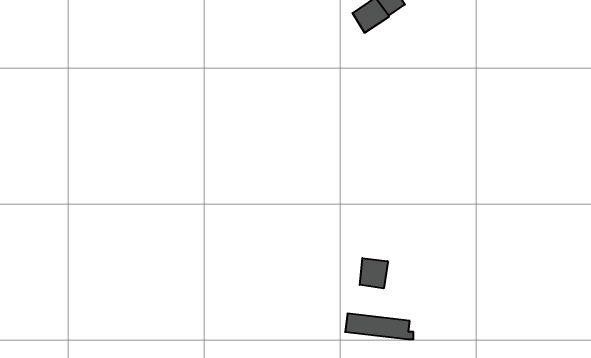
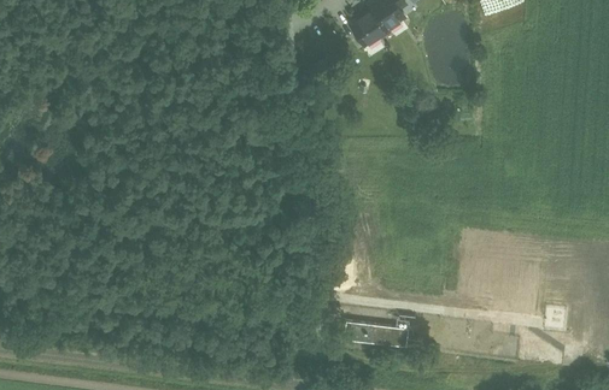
building: [360,258,388,288] -> none

